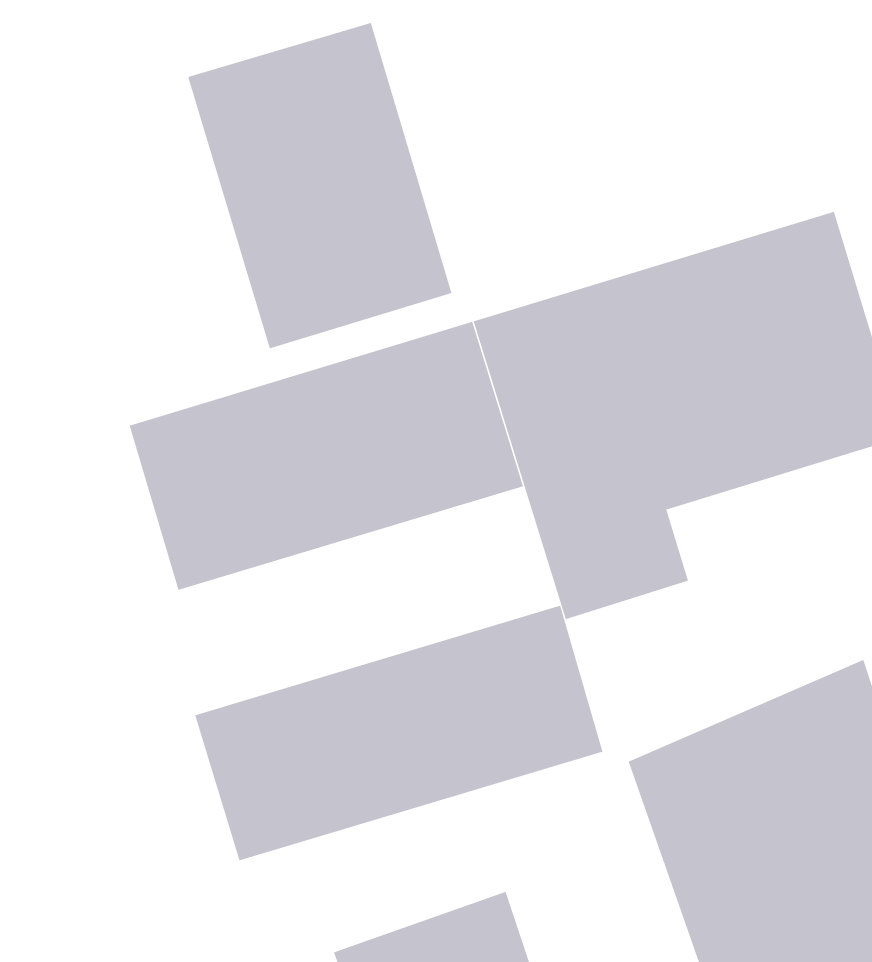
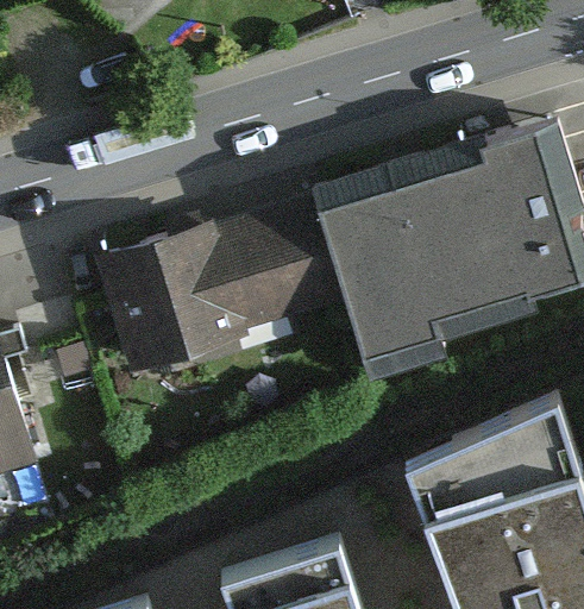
building: [188,22,452,349] -> none
building: [194,605,603,861] -> none

